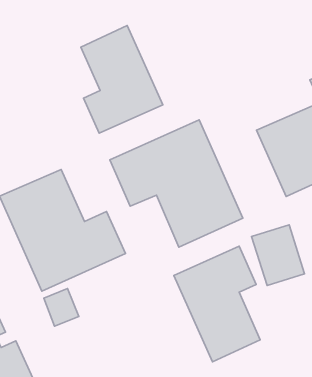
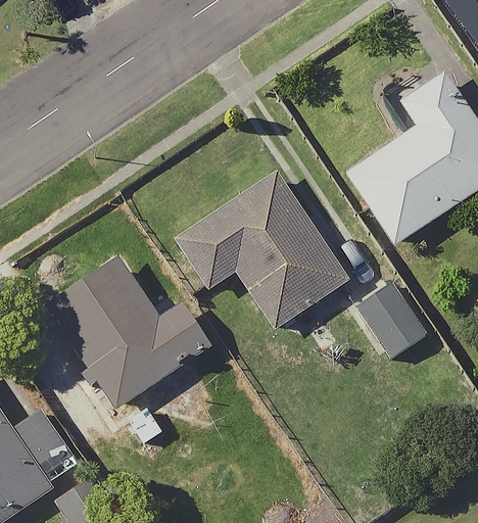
building: [81,26,163,133] -> none
building: [174,246,260,362] -> none

